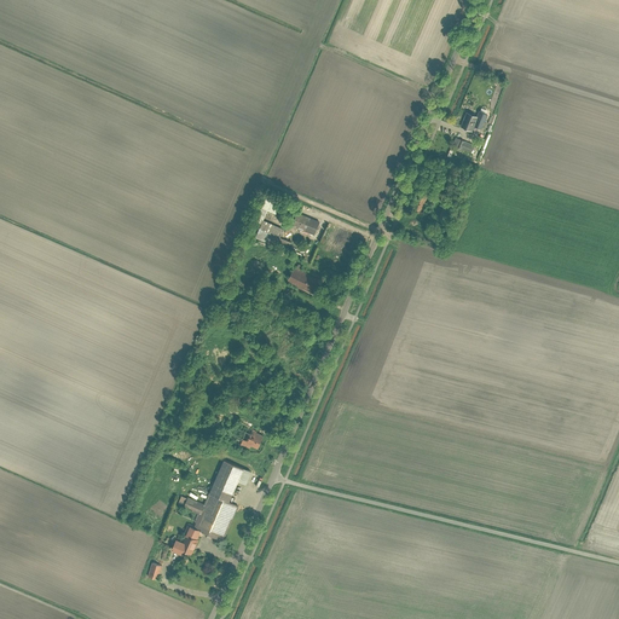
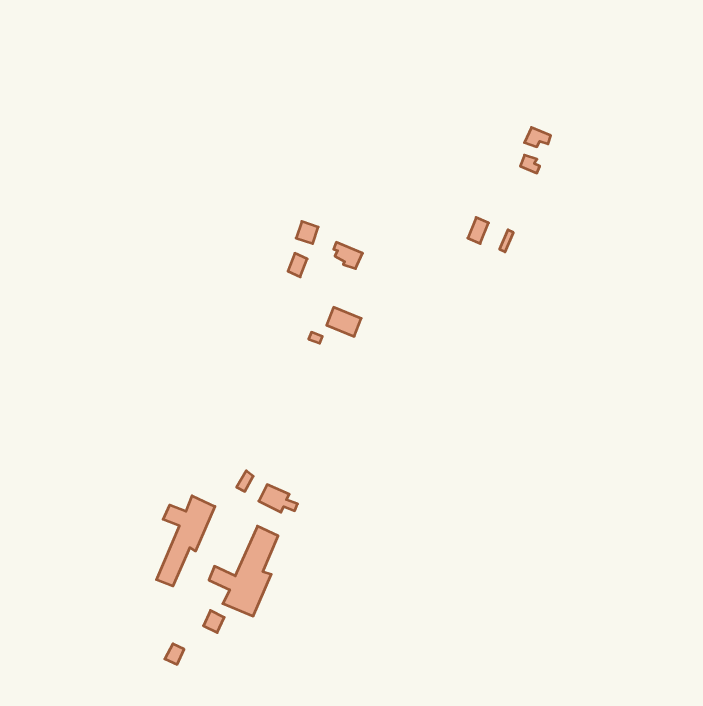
building: none -> [156,496,215,586]

